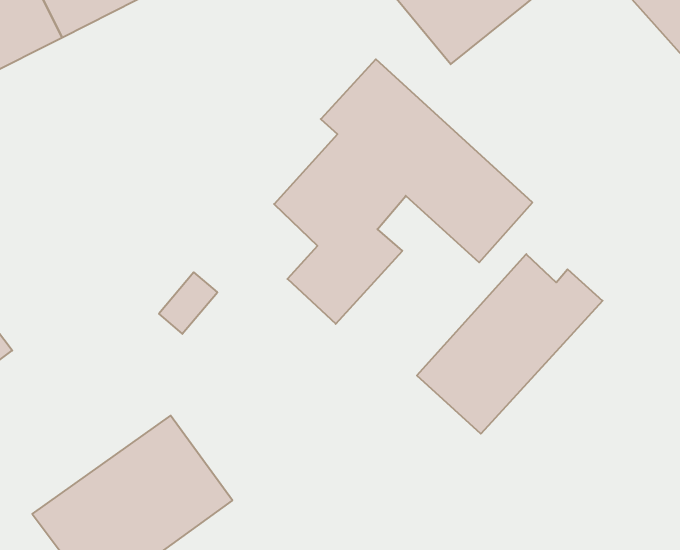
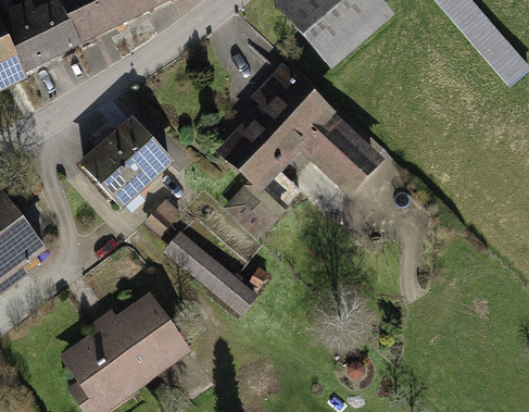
building: none -> [87,120,173,205]
building: [417,254,603,434] -> none
building: none -> [161,230,259,320]

